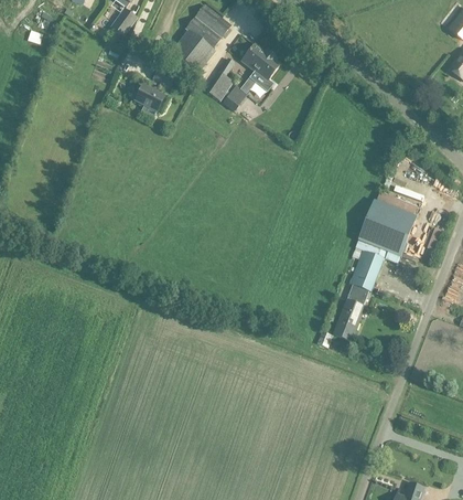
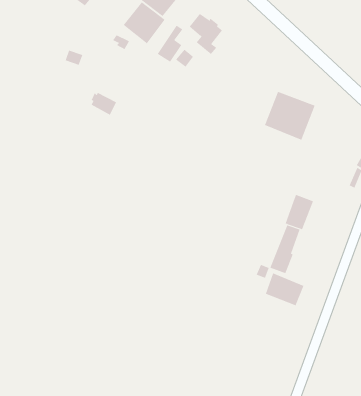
building: [134,84,164,110] -> [91,92,117,116]
building: [357,200,416,256] -> [264,91,315,141]
building: none -> [265,273,304,306]

